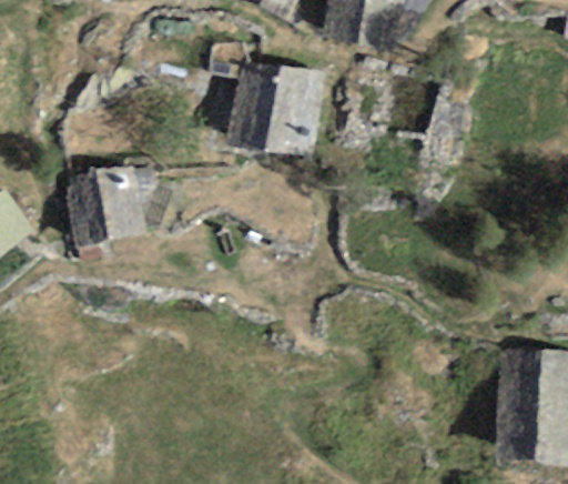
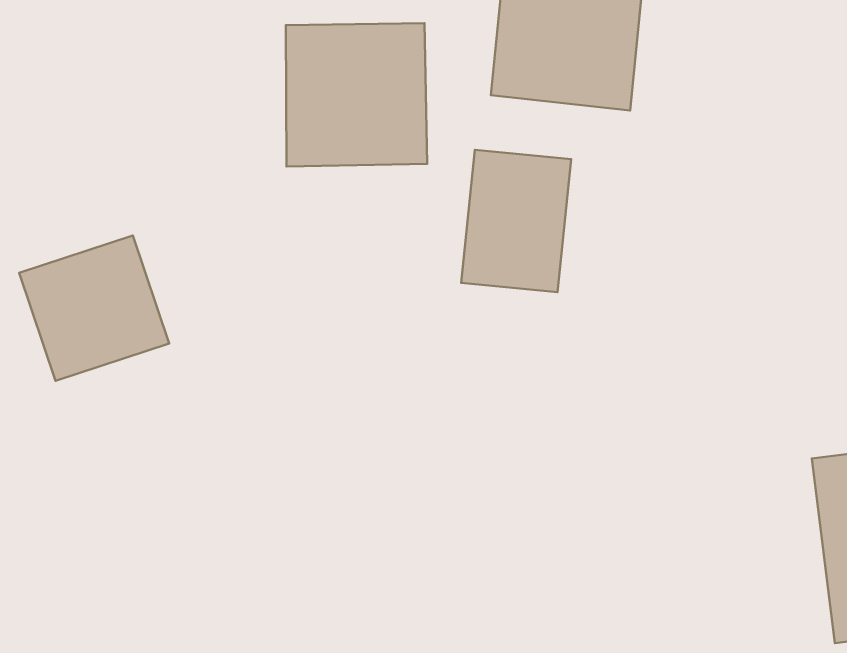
building: none -> [461,150,571,292]

